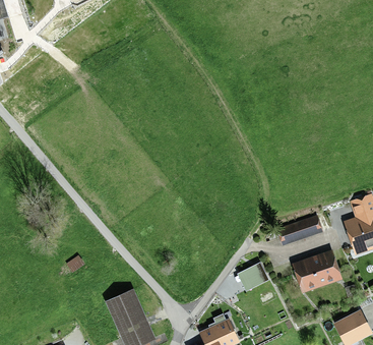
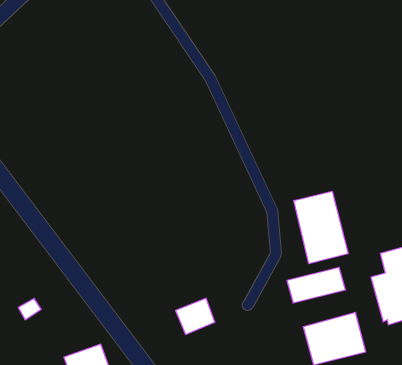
building: none -> [294,191,348,264]
building: [237,262,268,291] -> [176,298,215,334]

